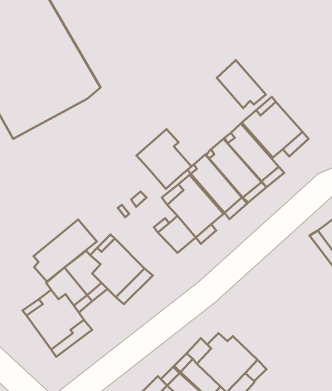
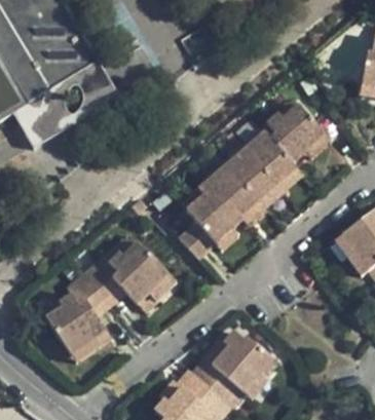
building: [217,60,266,108] -> none
building: [136,129,191,189] -> none
building: [33,219,97,282] -> none

